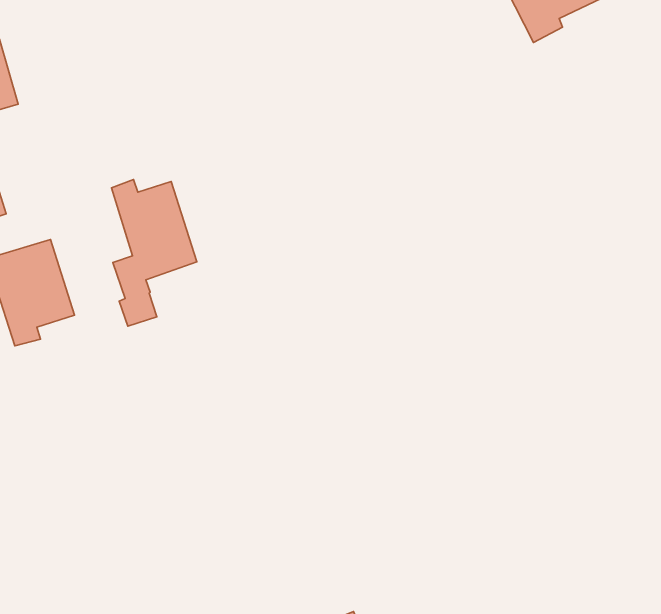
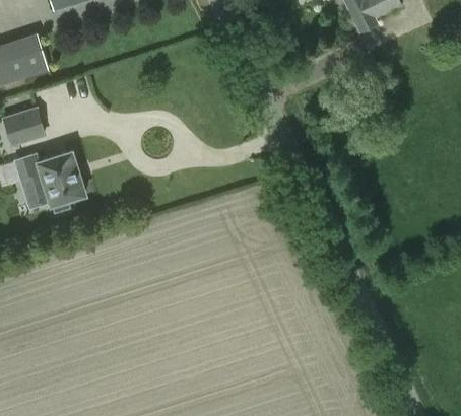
building: [111,179,197,326] -> none

